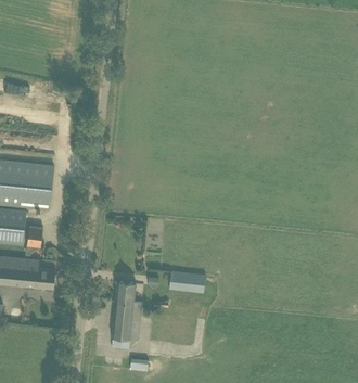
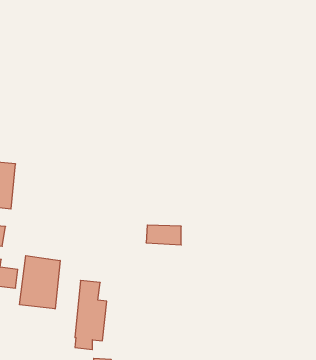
building: none -> [20,256,60,309]
building: [169,271,204,291] -> [146,225,181,245]

